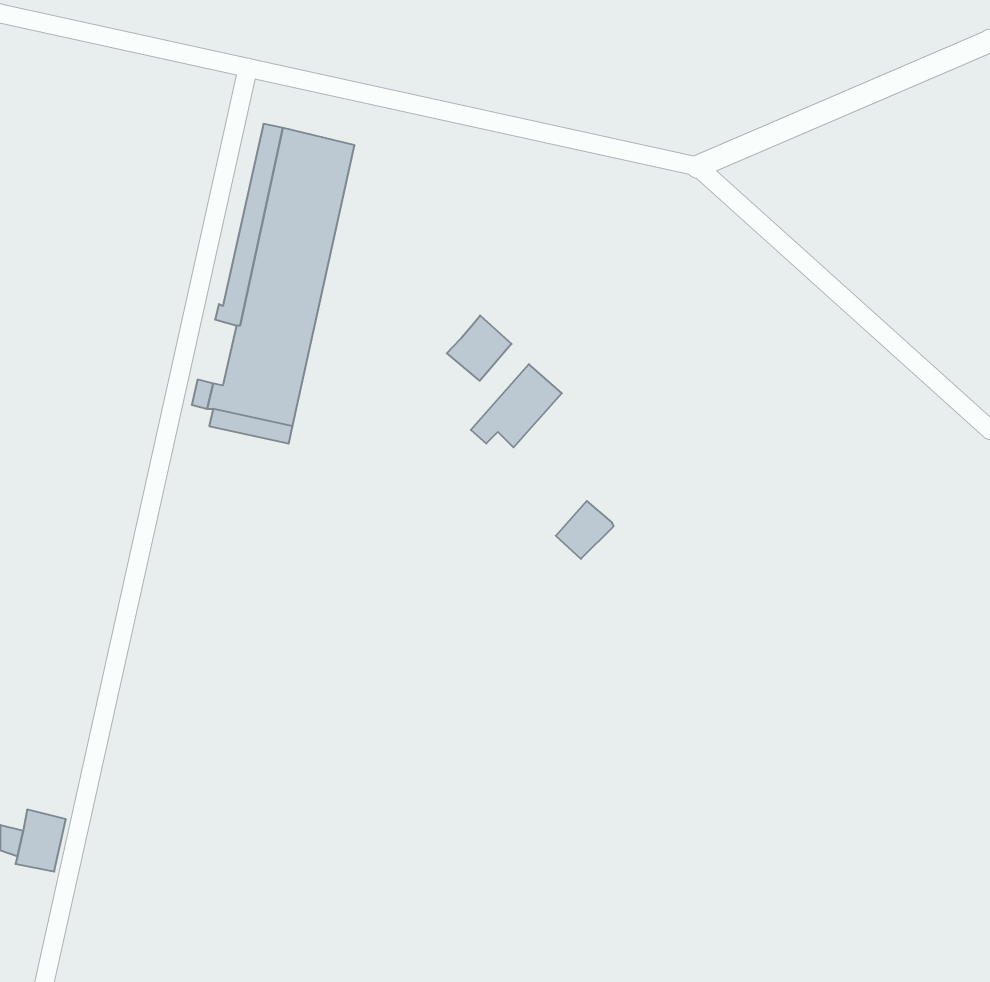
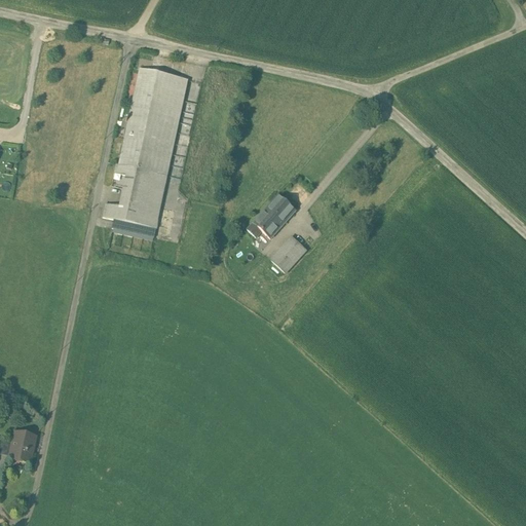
building: [447,315,512,381] -> none
building: [556,501,614,559] -> [273,240,304,271]

